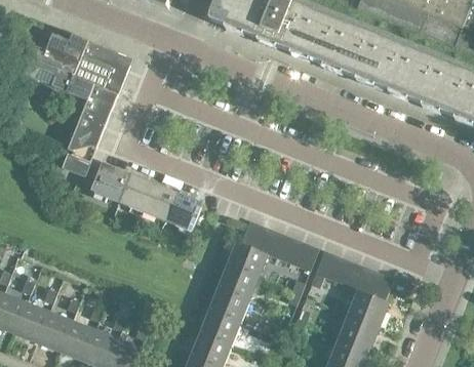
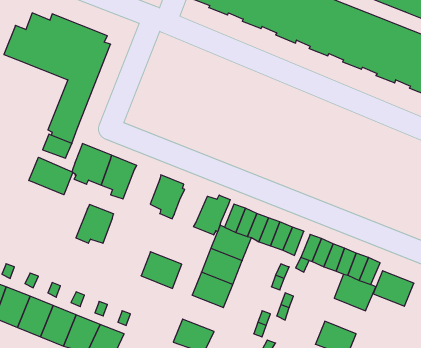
building: none -> [29,157,73,195]
building: [142,182,179,220] -> [76,205,114,243]
building: none -> [194,195,230,235]
building: [200,310,240,345] -> [141,252,182,288]
building: [340,313,380,348] -> [373,271,414,306]

